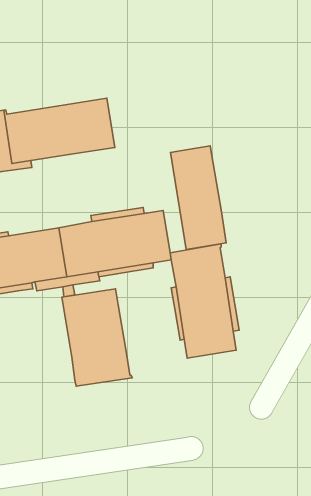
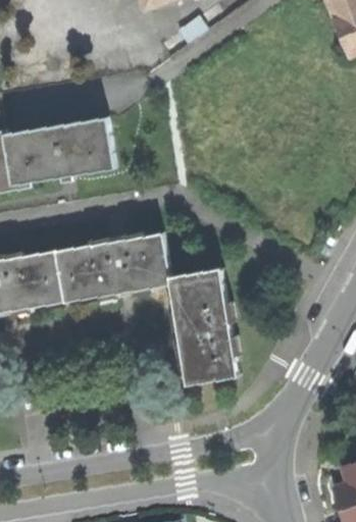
building: [170,146,226,249] -> none
building: [62,289,132,386] -> none

